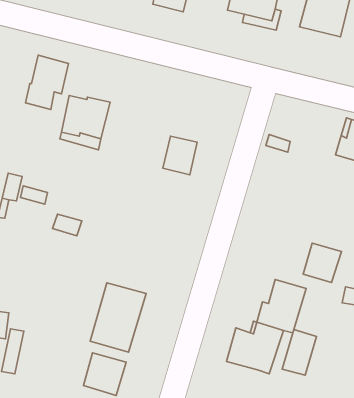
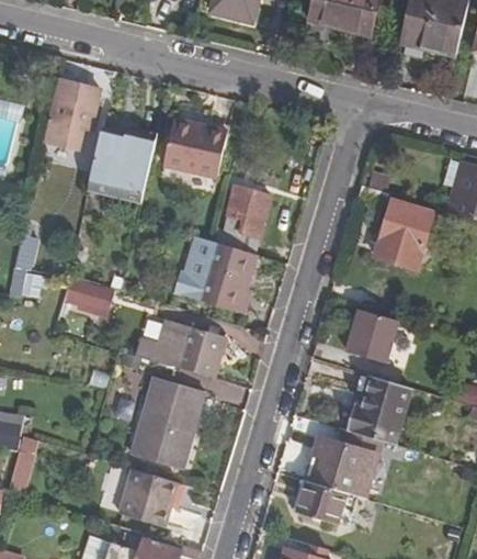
building: none -> [162,120,228,177]
building: none -> [378,199,433,267]
building: none -> [183,234,255,311]
building: none -> [132,318,223,377]
building: [303,243,342,283] -> [348,308,398,359]
building: [282,330,316,375] -> none
building: none -> [298,480,348,523]

